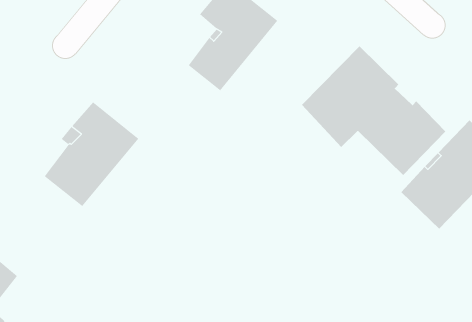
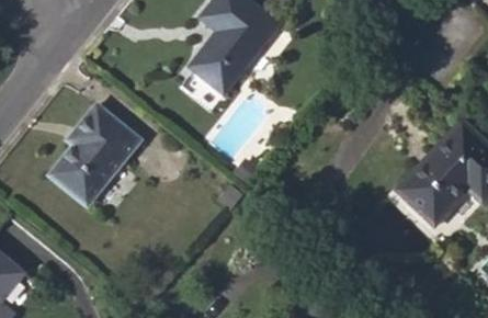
building: [301,46,446,176] -> none

